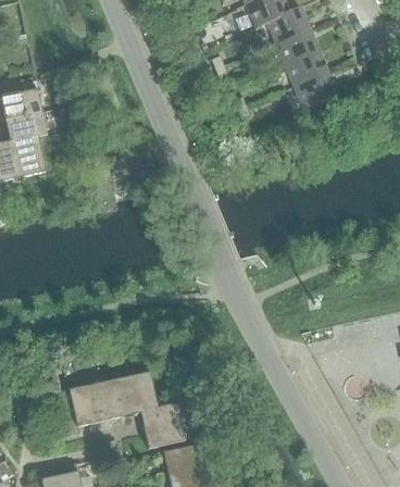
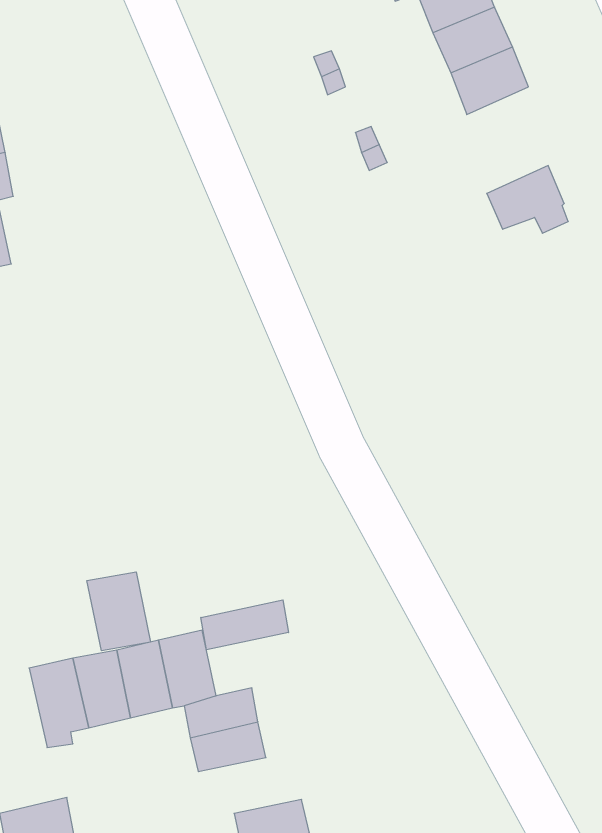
building: [293,74,338,111] -> [487,166,568,233]
building: none -> [87,572,150,651]
building: none -> [201,600,288,650]
building: [162,444,203,471] -> none

